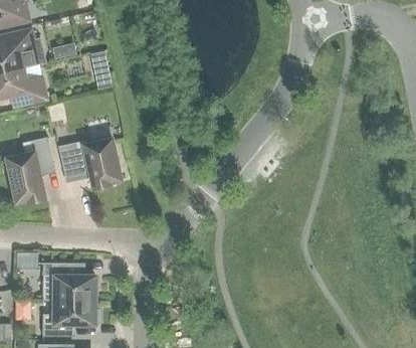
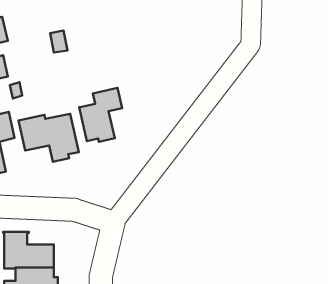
building: none -> [79,88,122,142]

